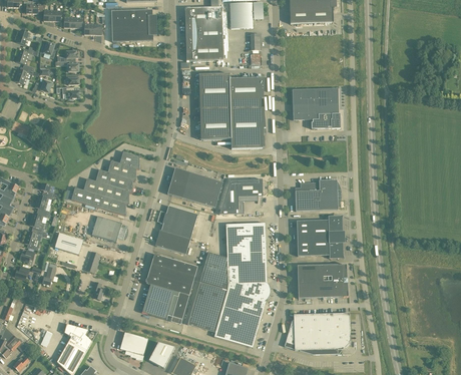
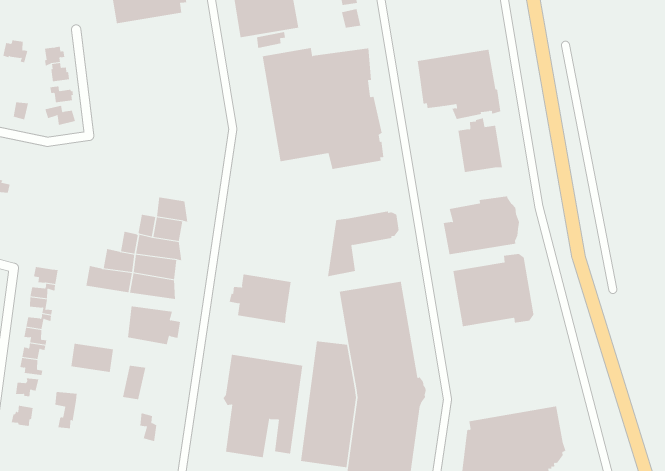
building: none -> [458,118,502,173]
building: [167,167,222,208] -> none
building: [155,230,190,254] -> none
building: [298,264,348,298] -> none

